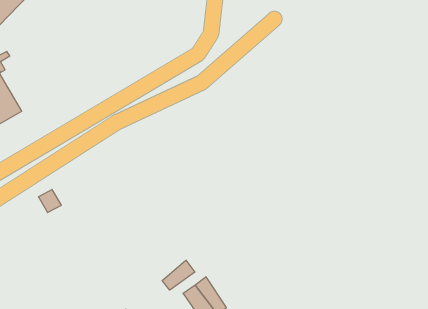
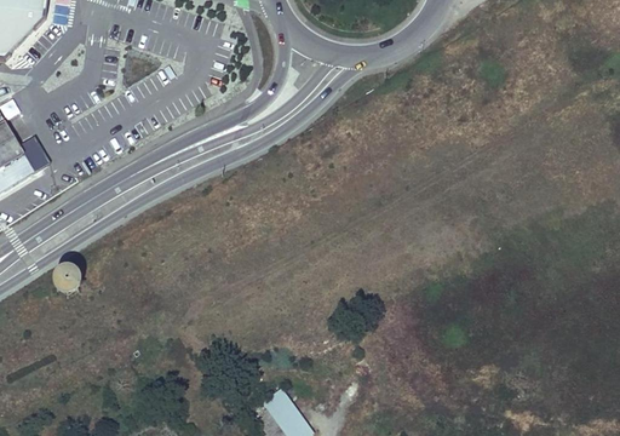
building: [162,260,195,290] -> none

